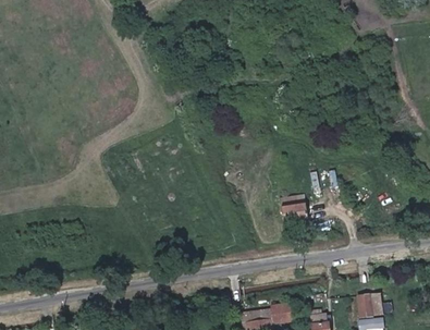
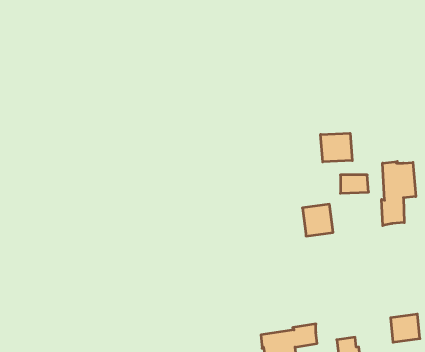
building: none -> [321,133,352,162]
building: none -> [382,161,416,226]

